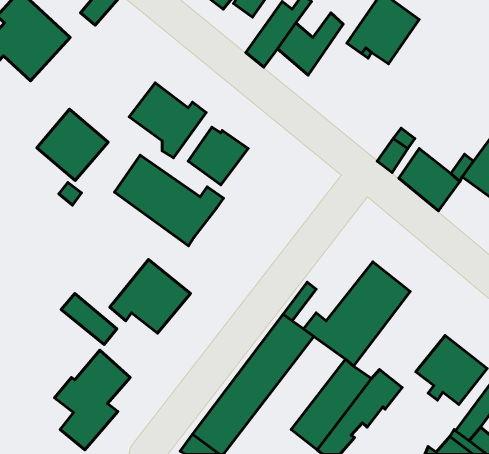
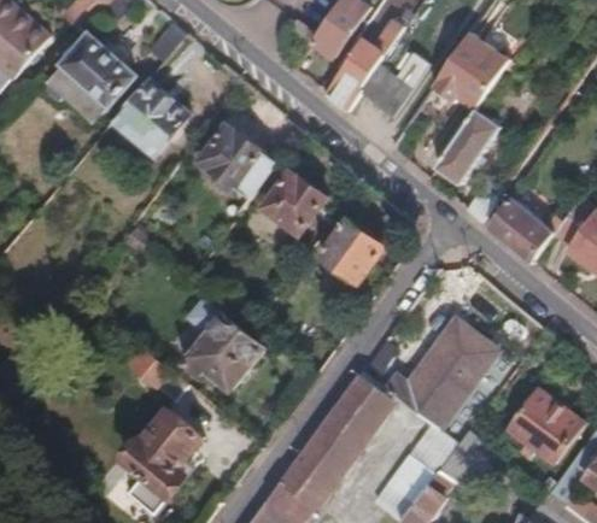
building: none -> [434,106,501,182]
building: [37,109,108,181] -> [113,82,189,158]
building: [114,155,223,246] -> none
building: none -> [321,219,385,284]

